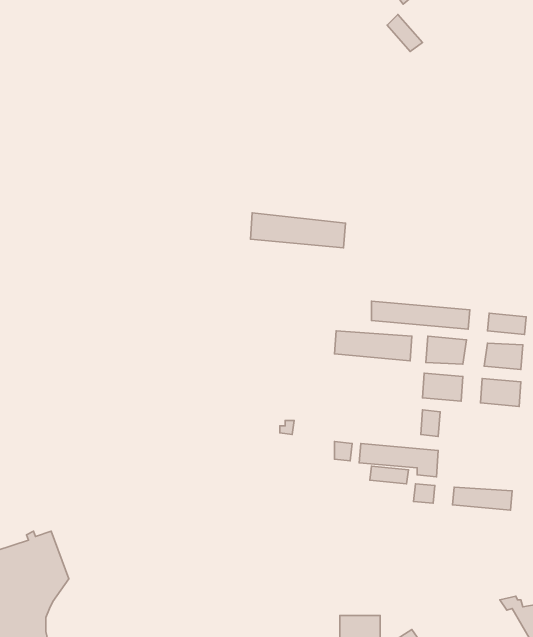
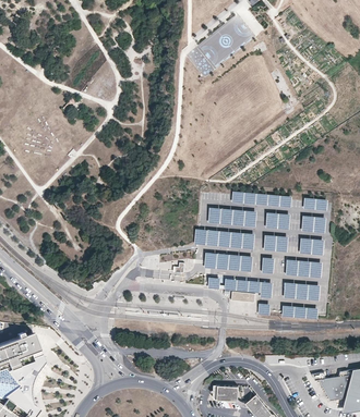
building: [250,213,345,248] -> [195,228,254,249]
building: none -> [204,253,253,272]
building: none -> [285,260,322,279]
building: none -> [283,283,320,302]

